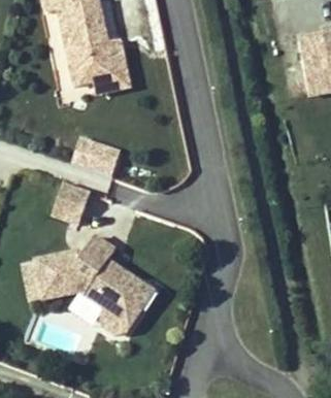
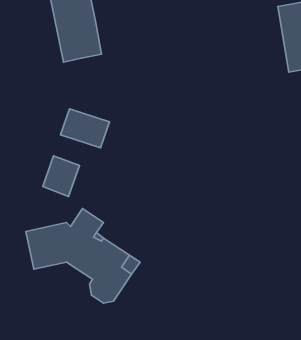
building: [93,39,130,94] -> none

